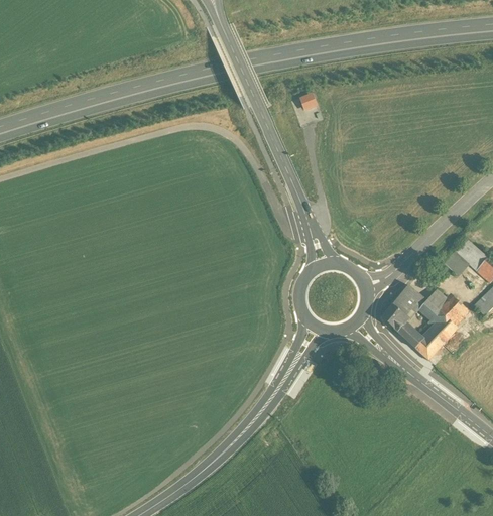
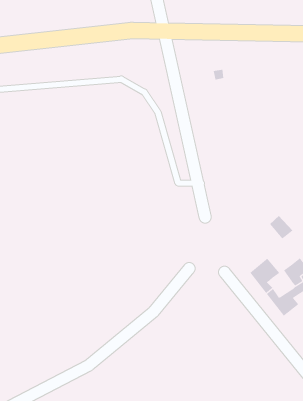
building: [399,285,427,311] -> [269,215,293,239]

